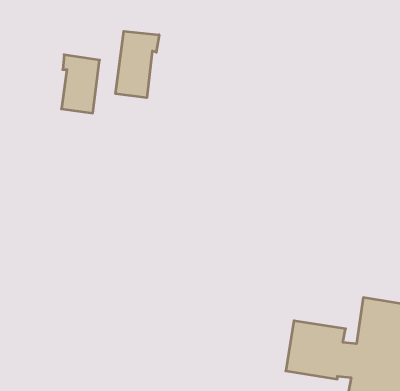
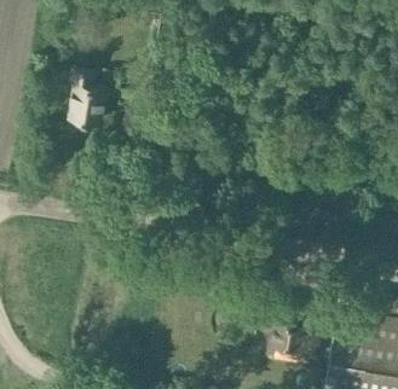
building: [116,31,159,98] -> none

